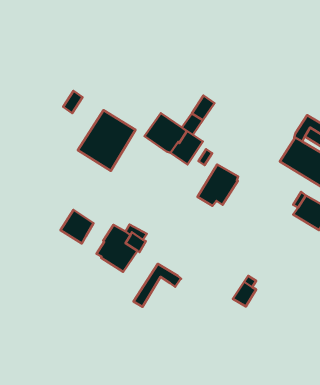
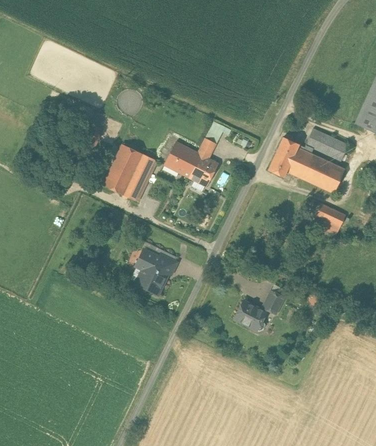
building: [198,165,238,206] -> [269,137,305,176]
building: [60,210,94,244] -> none
building: [133,264,181,307] -> none
building: none -> [235,300,266,330]

